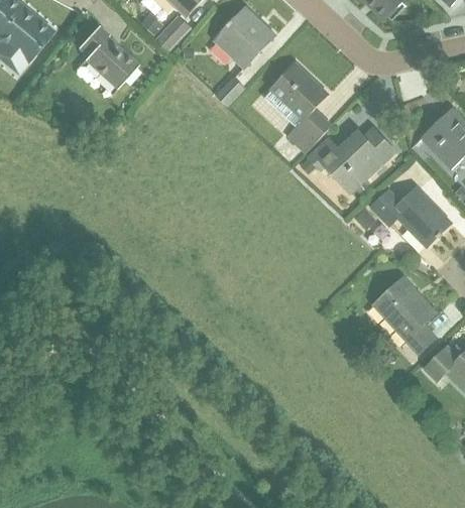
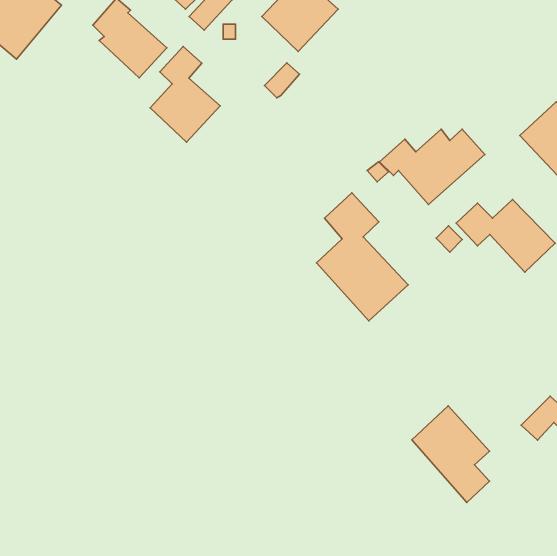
building: [266,62,332,153] -> none
building: none -> [150,46,220,142]
building: none -> [317,193,408,321]
building: [373,275,436,353] -> [412,406,490,502]

